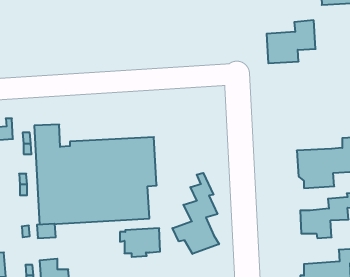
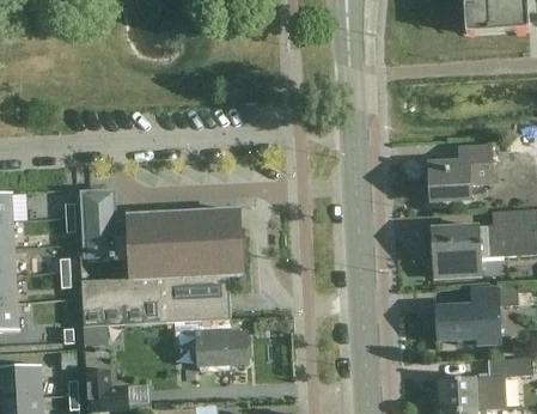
building: [267,20,316,63] -> [428,142,494,200]
building: [172,173,219,254] -> none

